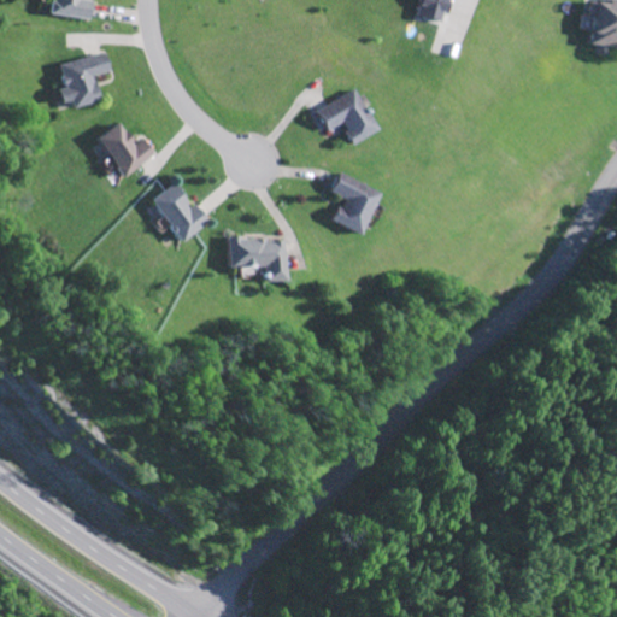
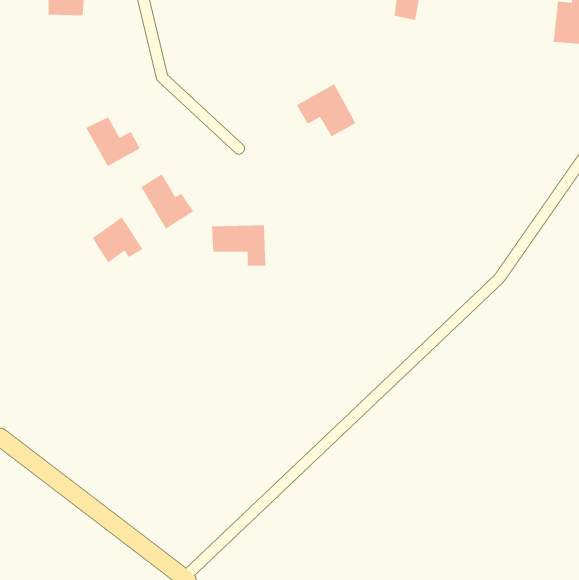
building: [57,53,110,107] -> none
building: [330,171,381,235] -> none
building: none -> [92,216,143,263]

